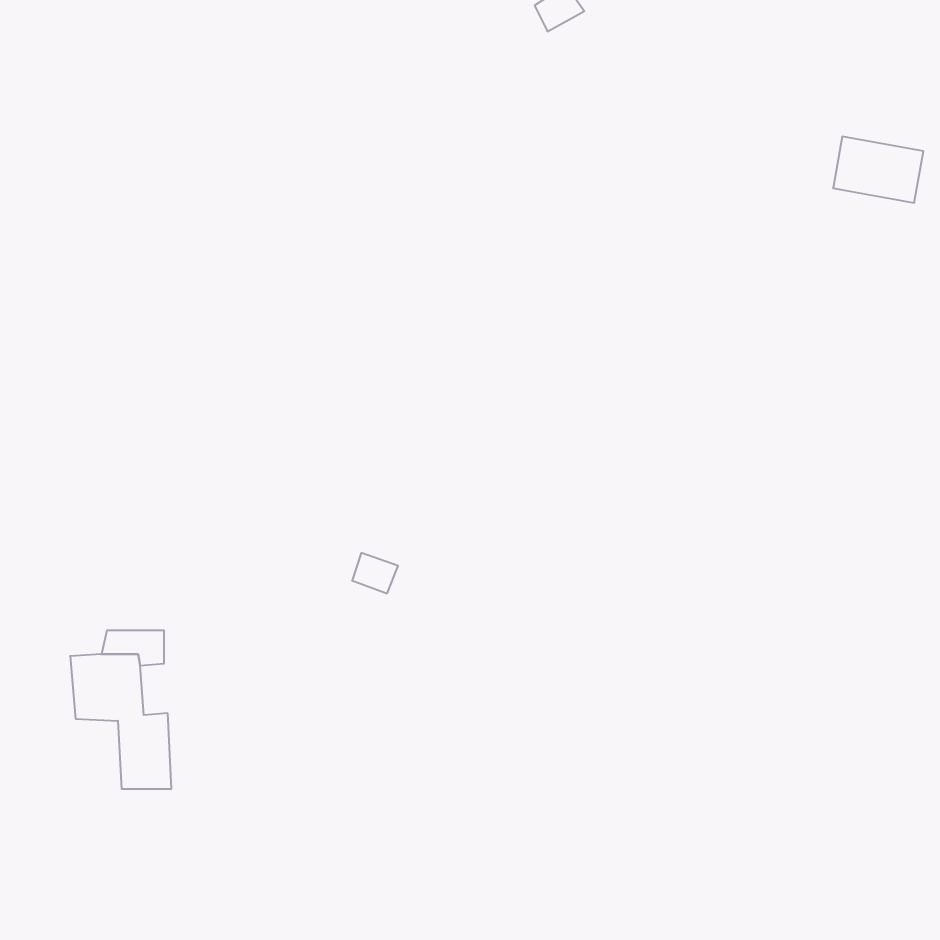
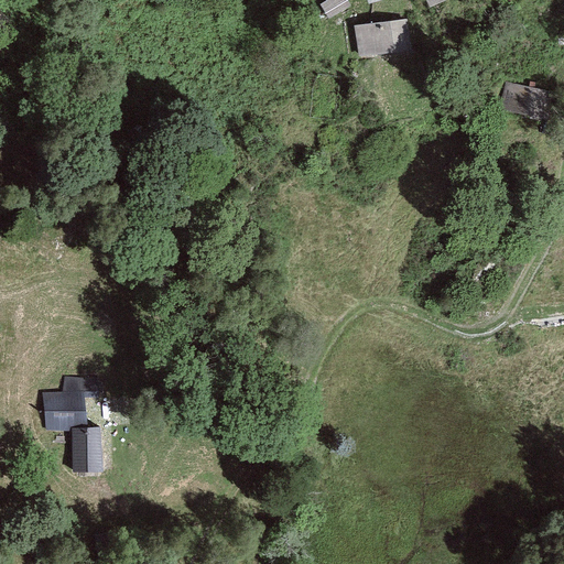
building: none -> [355,19,412,57]

